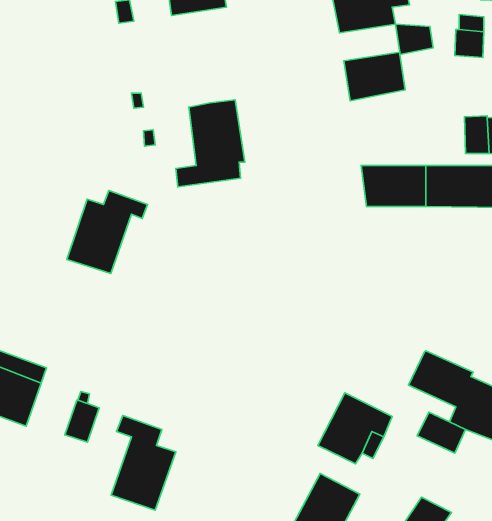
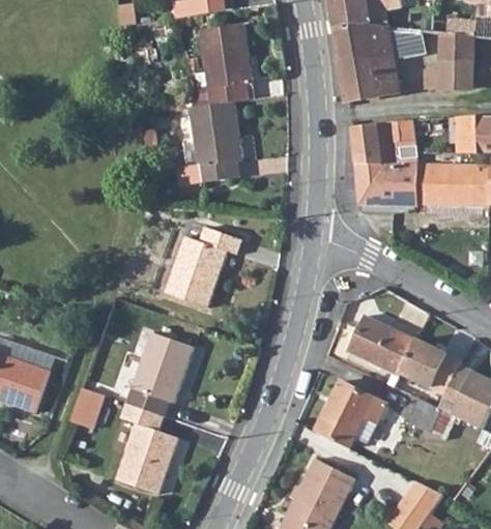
building: none -> [199,24,253,102]
building: none -> [335,27,393,62]
building: none -> [424,57,472,87]
building: none -> [351,120,417,163]
building: [67,191,148,273] -> [165,227,242,306]
building: none -> [348,316,416,376]
building: none -> [126,332,193,416]

